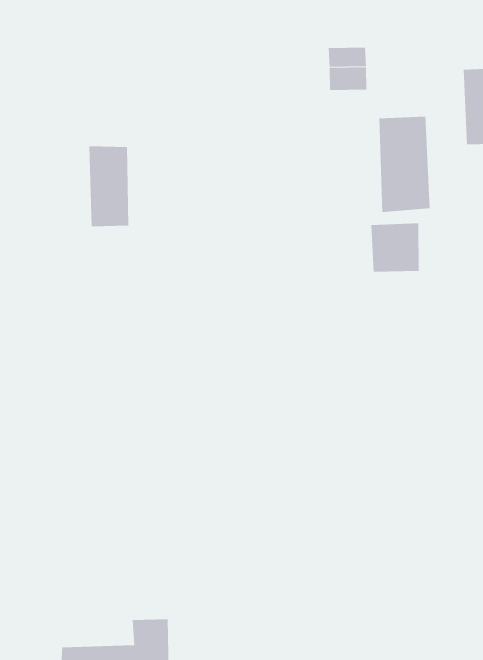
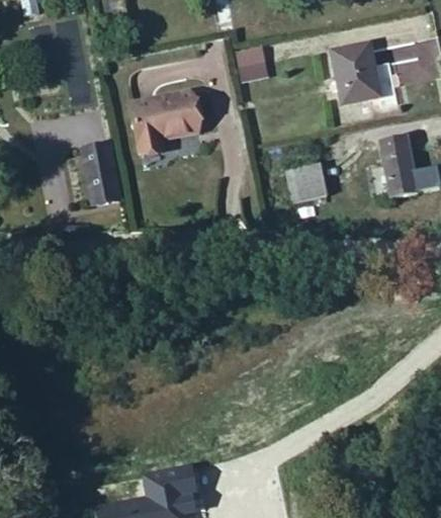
building: none -> [129,91,197,152]
building: [379,116,430,213] -> none

